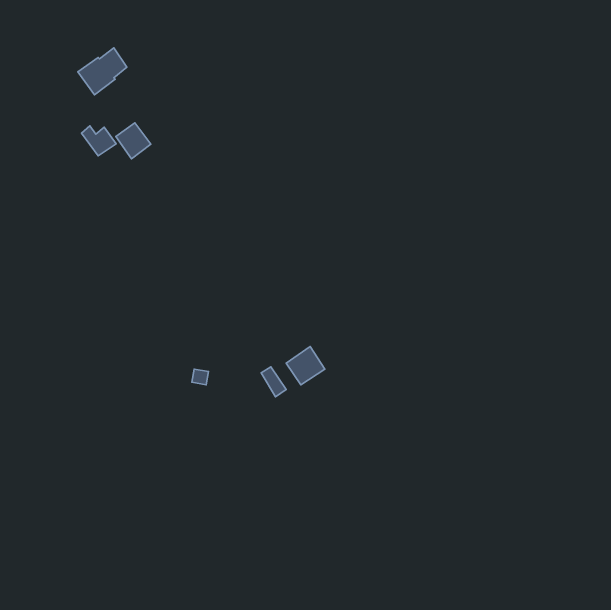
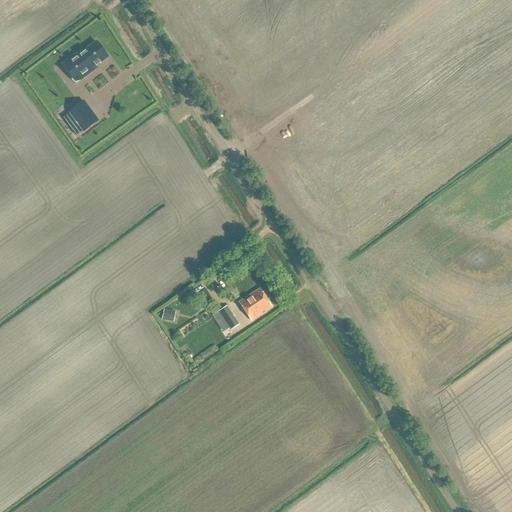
building: [116,123,151,159] -> none

